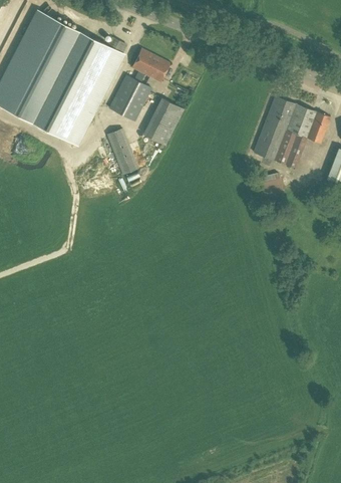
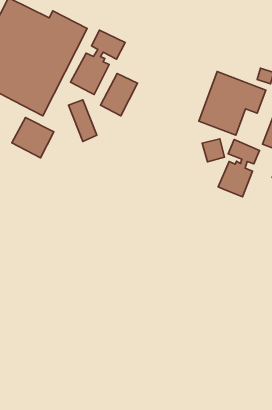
building: none -> [12,118,54,158]
building: none -> [218,139,260,197]

